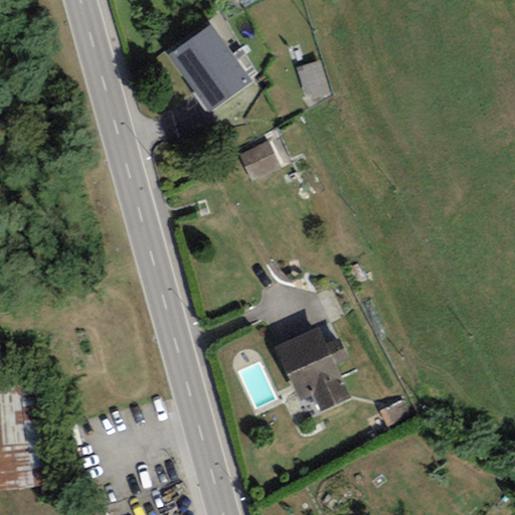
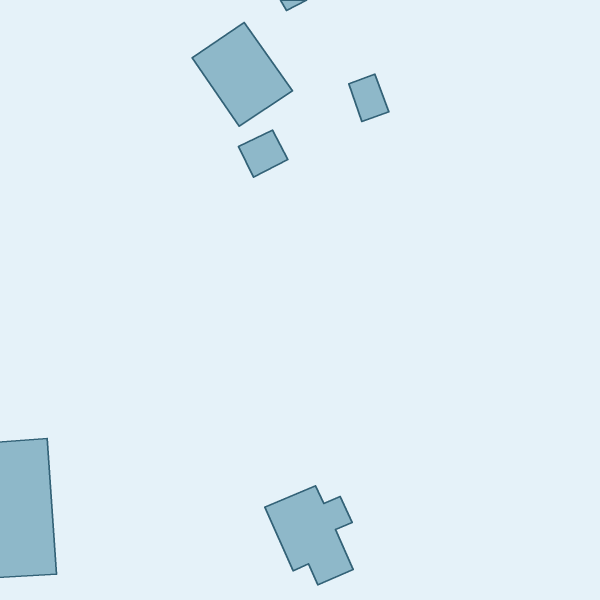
building: [237,142,280,182] -> [238,130,288,177]
building: [273,326,348,410] -> [265,486,353,585]

